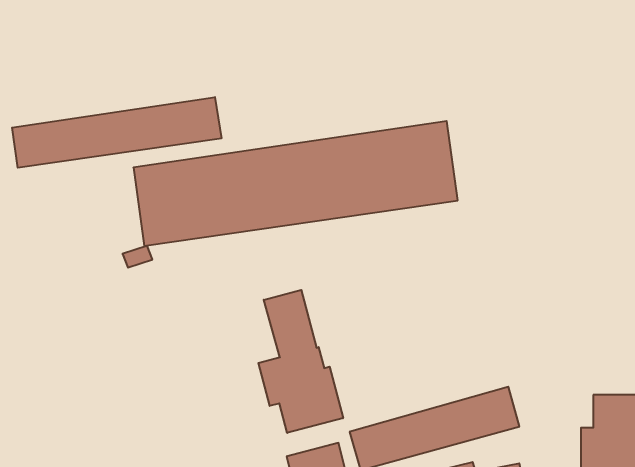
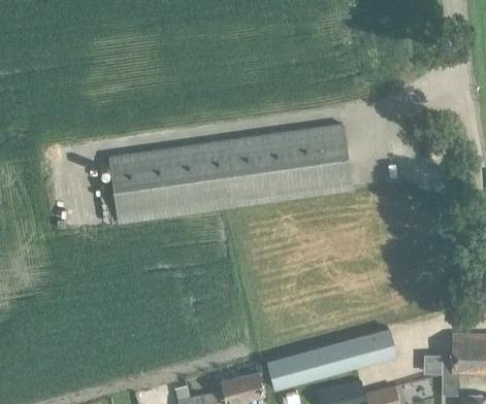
building: [12,97,221,168] -> none
building: [258,290,343,433] -> none

